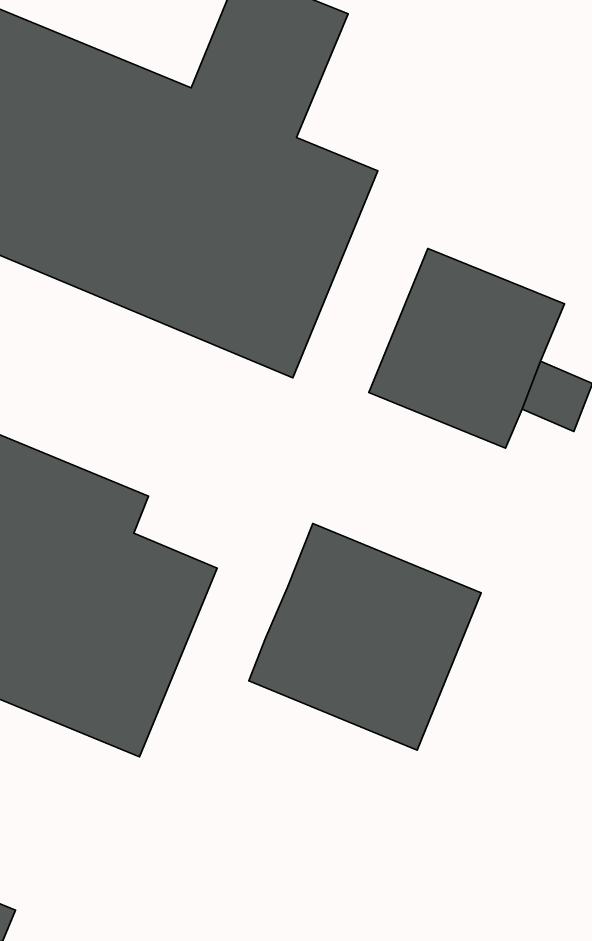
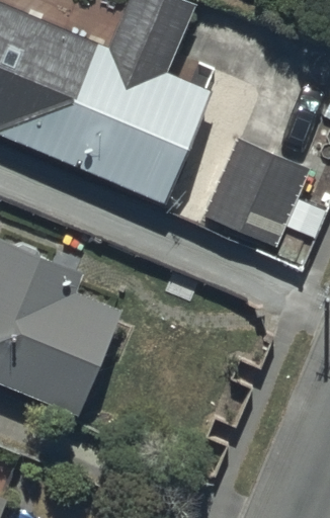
building: [249,524,481,750] -> none

